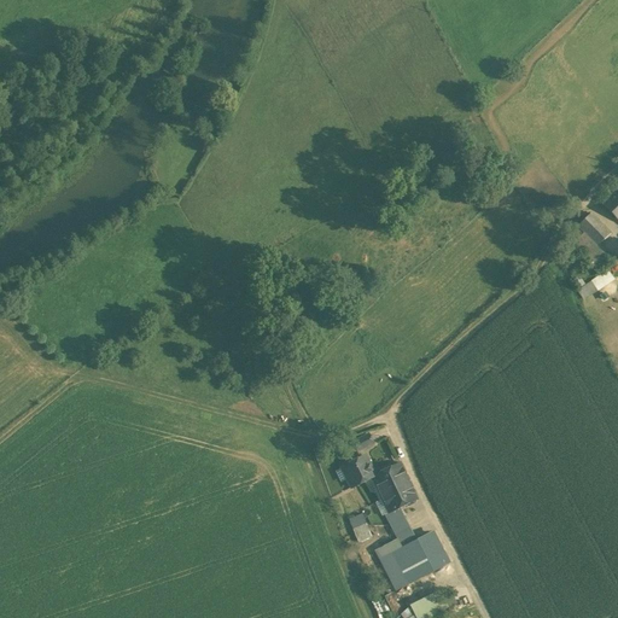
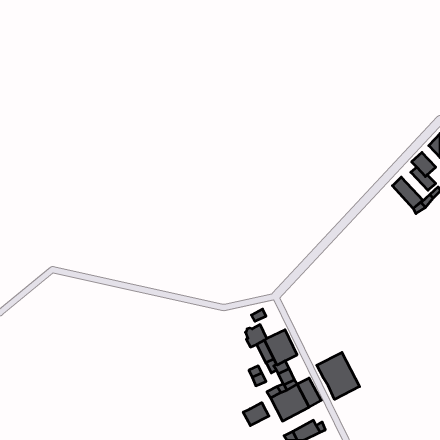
building: none -> [392,177,423,208]
building: none -> [317,352,360,399]
building: none -> [243,403,269,426]

